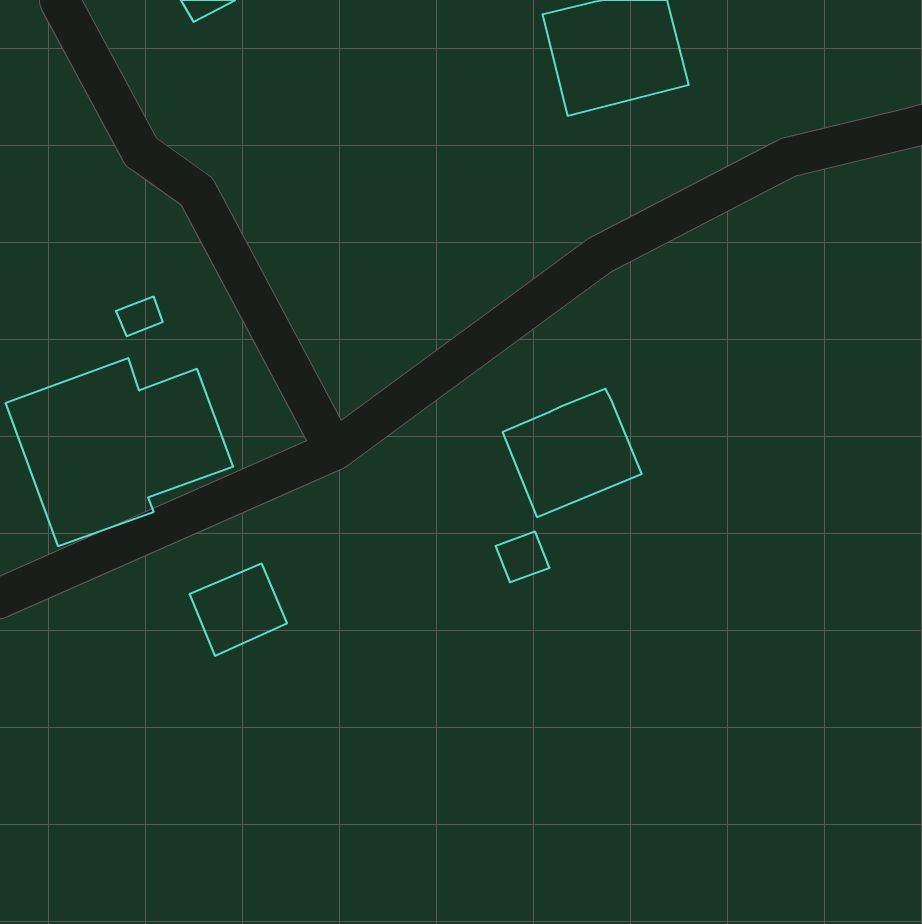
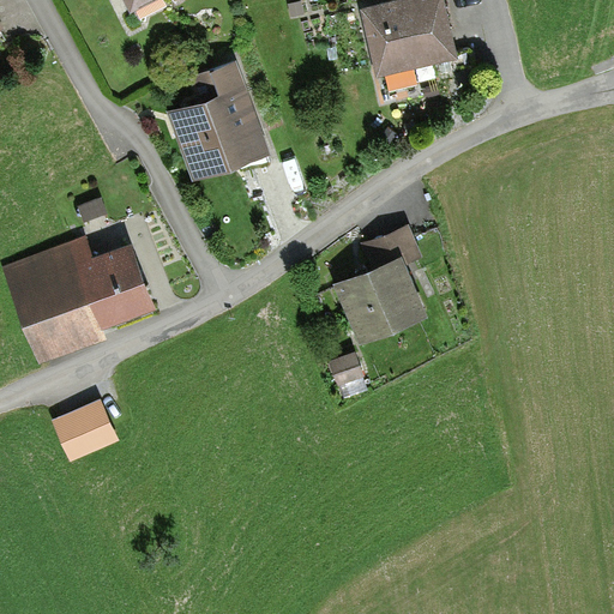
building: none -> [165,60,269,181]
building: none -> [361,223,422,270]
building: [189,564,287,656] -> [52,399,116,460]

